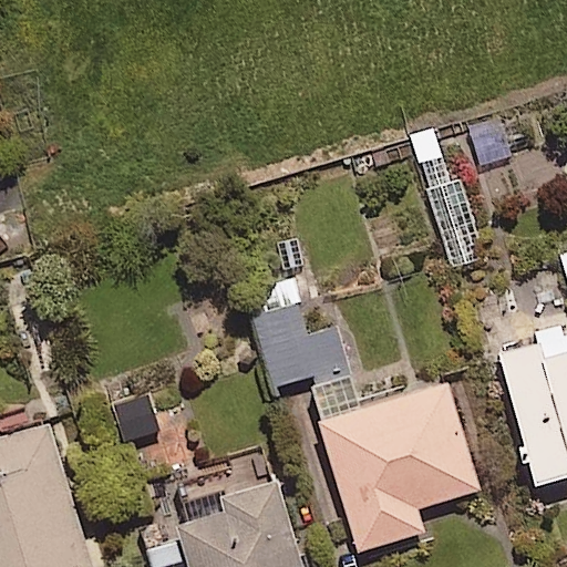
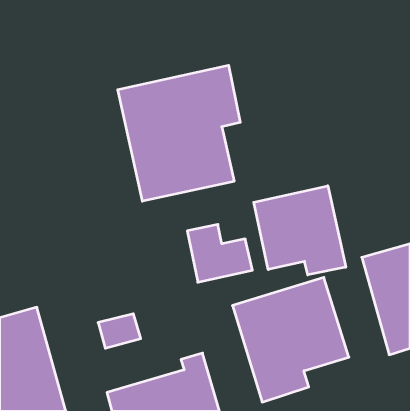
building: none -> [118,65,240,201]
building: none -> [254,186,346,275]

